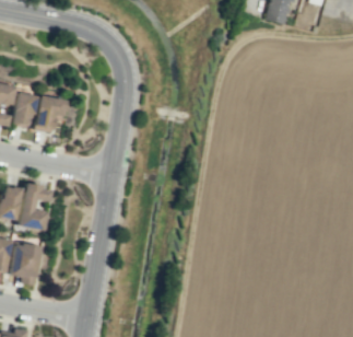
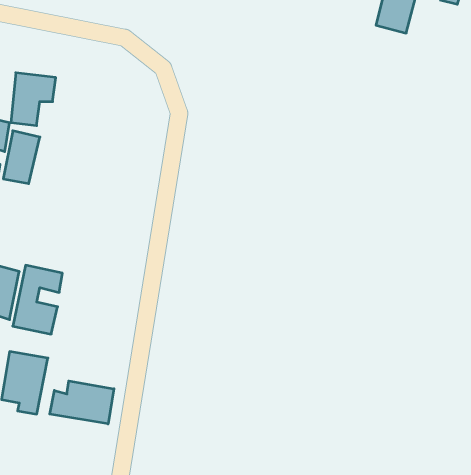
building: [35,95,66,131] -> [11,73,56,126]
building: none -> [50,381,114,424]

